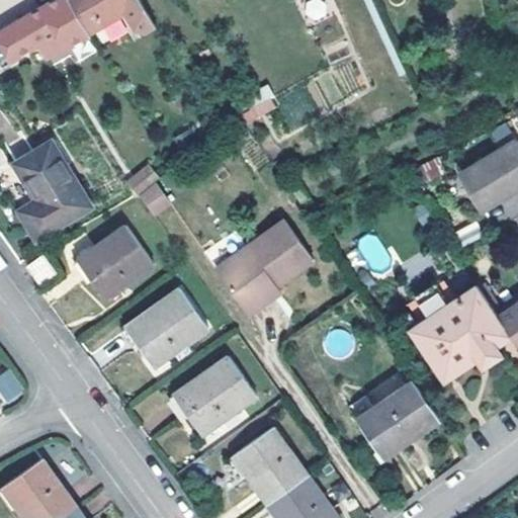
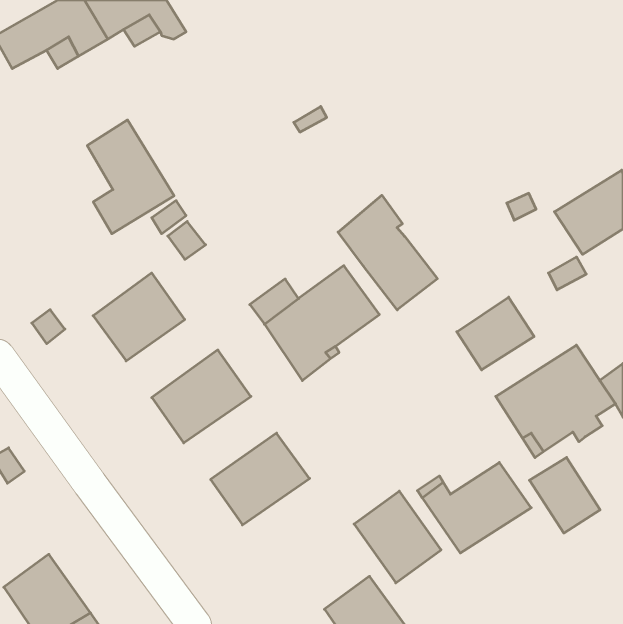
building: [15,144,87,238] -> [87,120,174,234]
building: none -> [338,195,437,310]
building: none -> [457,297,534,370]
building: none -> [529,457,600,533]
building: [234,429,306,505] -> [354,491,441,583]

